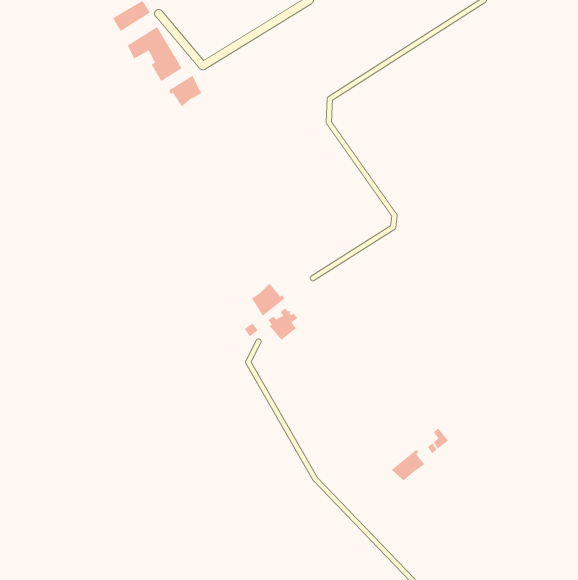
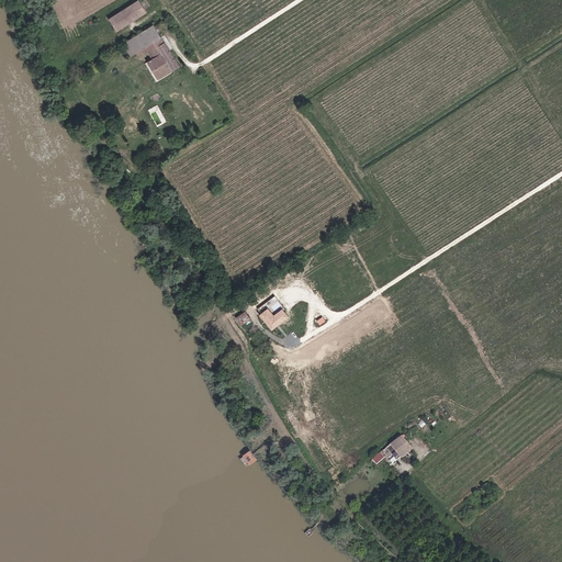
building: [169,75,202,107] -> none
building: [251,283,285,317] -> none

